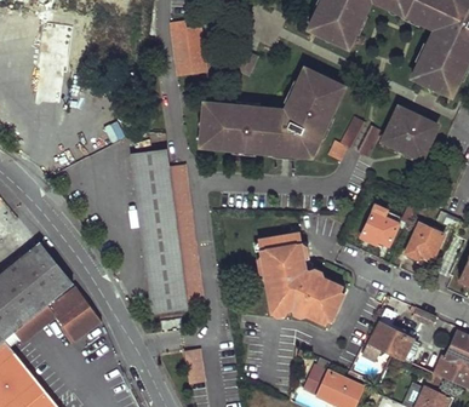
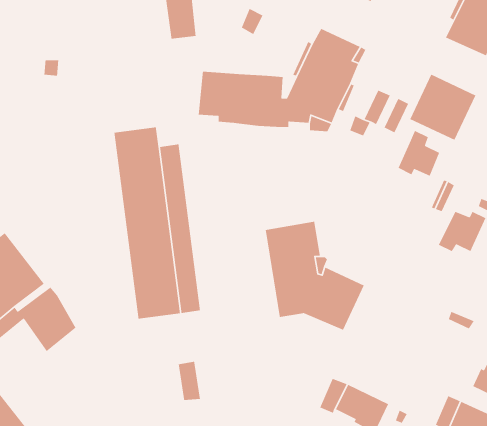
building: [361,203,397,243] -> [397,130,440,177]
building: [360,308,413,362] -> none

